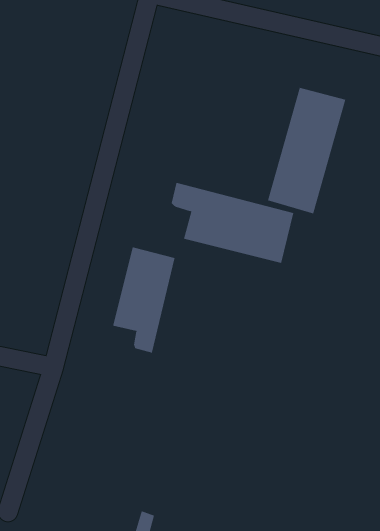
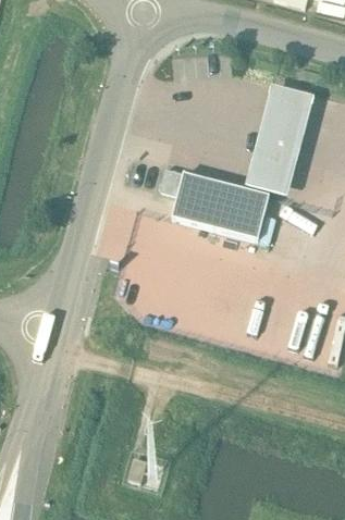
building: [113,247,175,353] -> none

